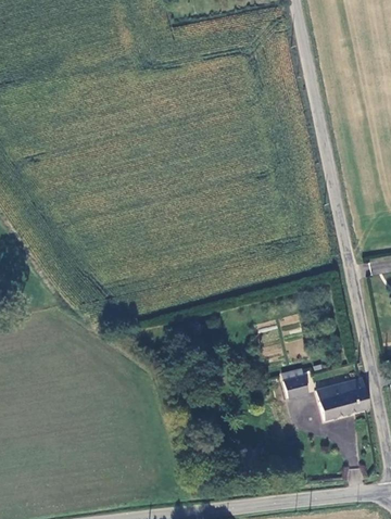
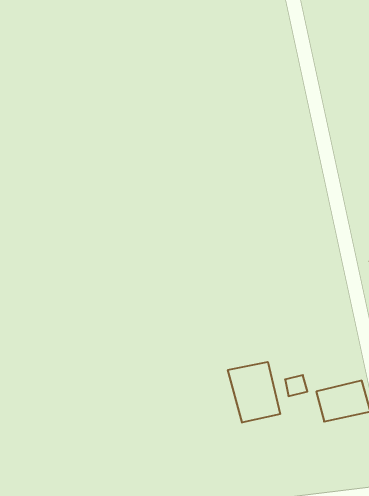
building: none -> [228,362,280,423]

